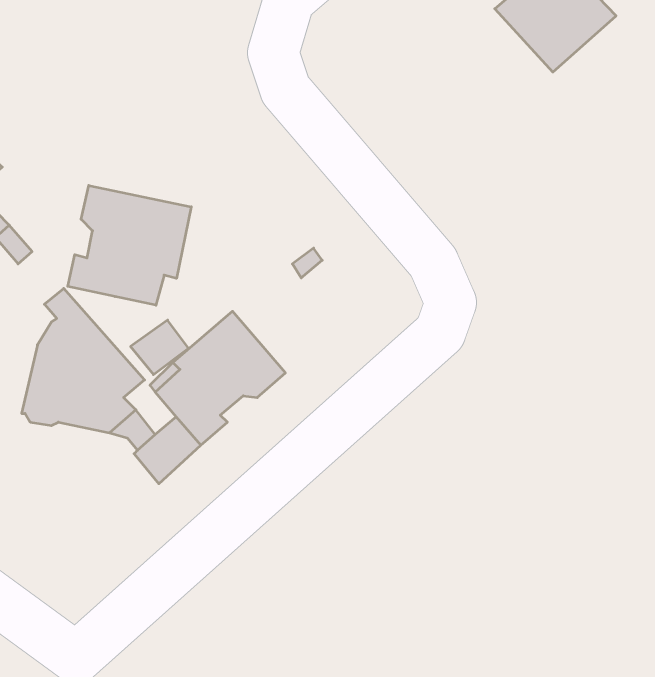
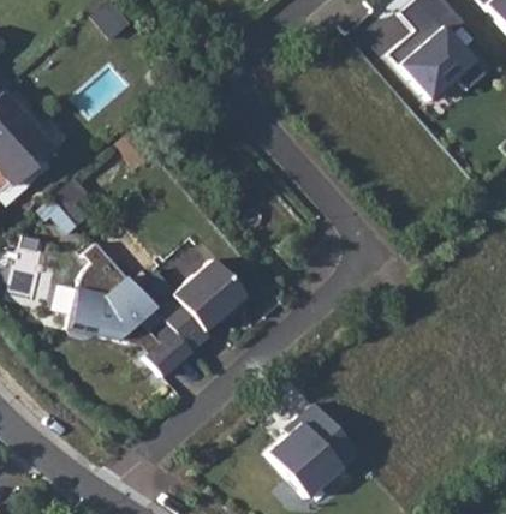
building: [68,185,191,305] -> none
building: none -> [272,400,361,492]

